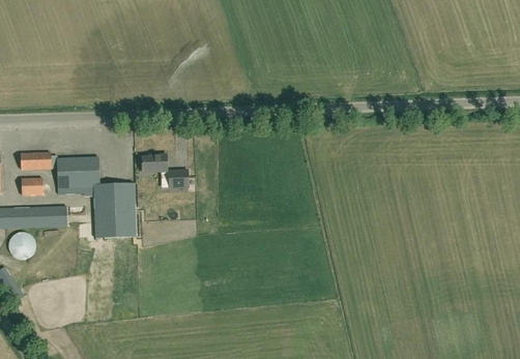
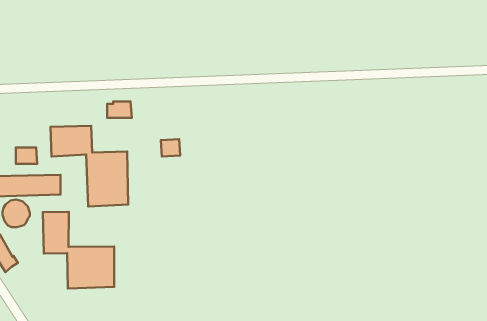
building: [21,153,51,170] -> none
building: [142,155,167,172] -> [107,102,132,118]
building: none -> [43,212,114,288]

